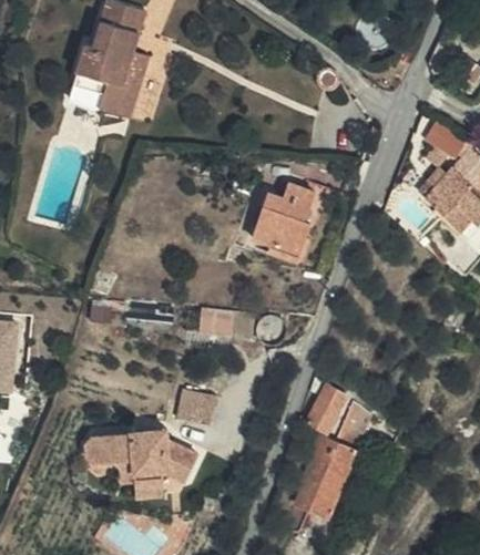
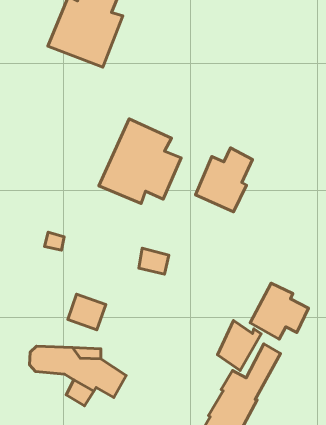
building: none -> [99,119,181,203]
building: none -> [250,283,309,339]
building: [178,387,219,424] -> [68,294,106,330]

